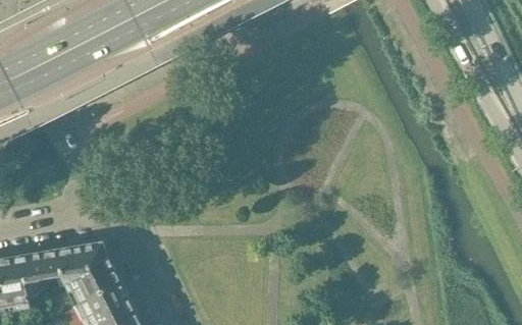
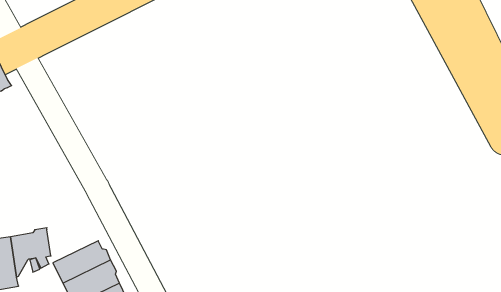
building: [57,242,109,283] -> none

